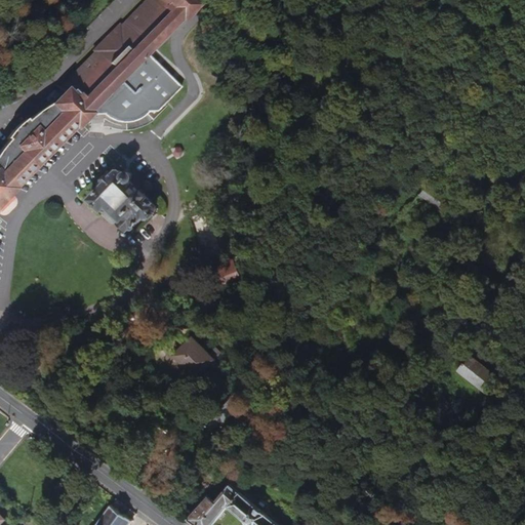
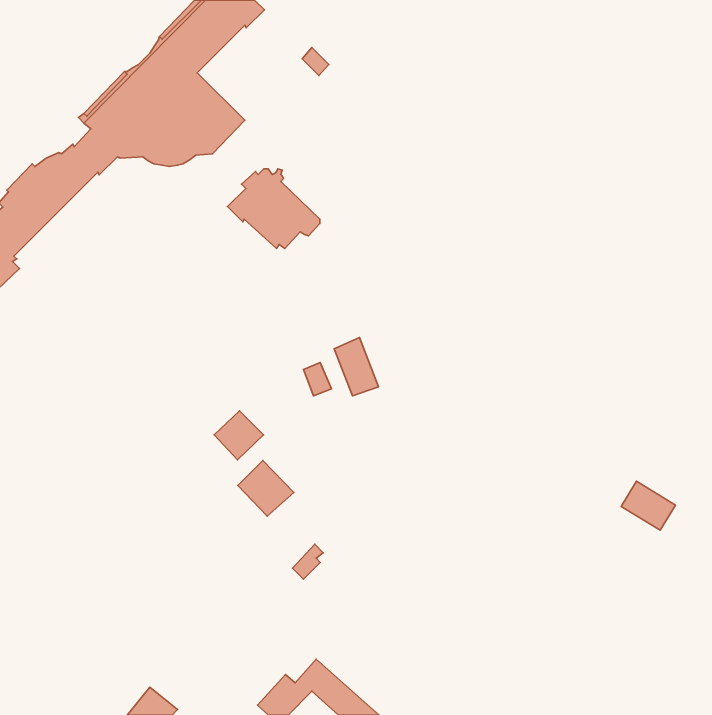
building: [88,170,156,229] -> [228,169,320,249]
building: none -> [334,338,378,396]
building: none -> [214,411,264,460]

